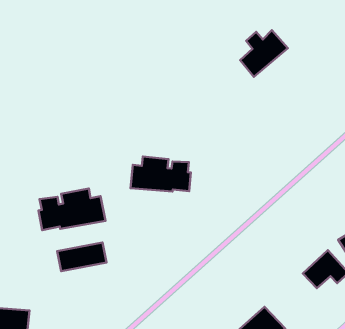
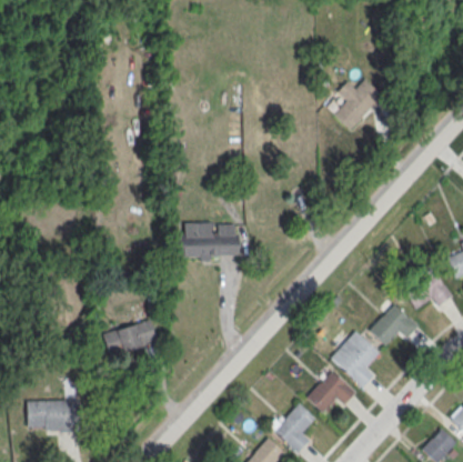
building: [240,30,288,77] -> [333,78,383,130]
building: [38,188,105,230] -> none
building: none -> [330,330,379,386]

